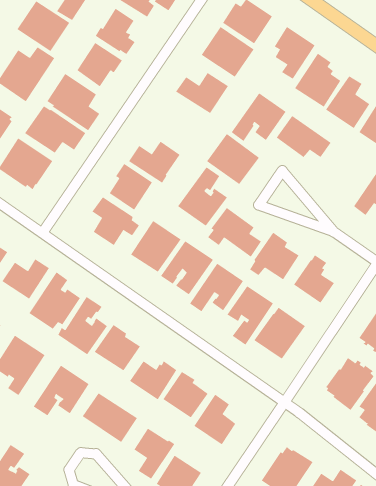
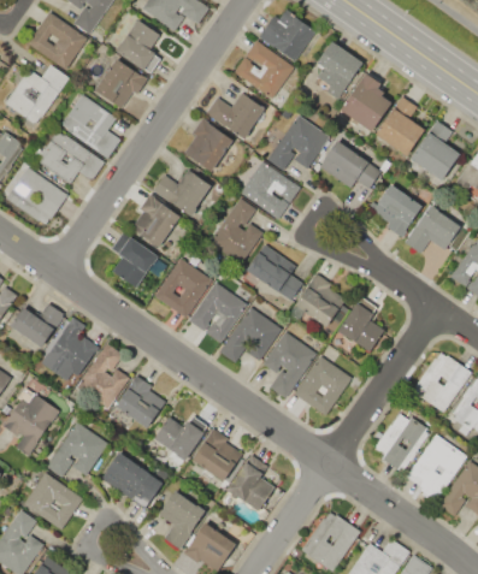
building: none -> [181,119,232,174]
building: none -> [371,184,421,238]
building: none -> [23,473,82,531]

